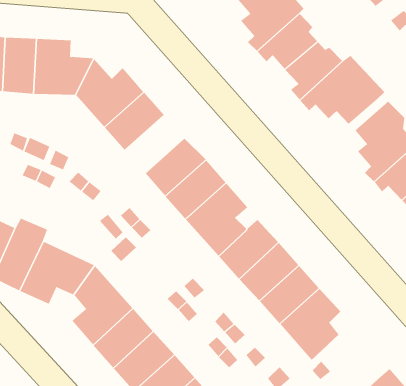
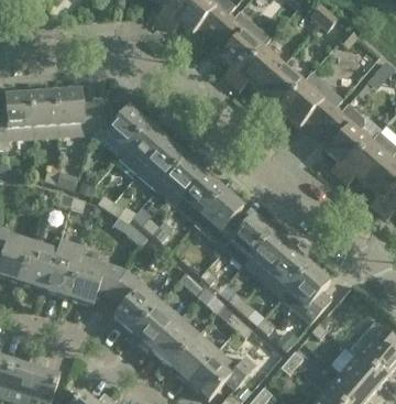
building: none -> [139,140,186,189]

